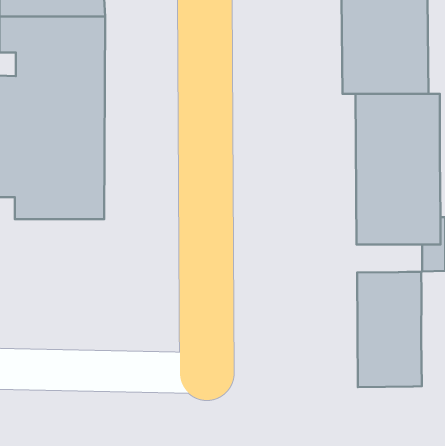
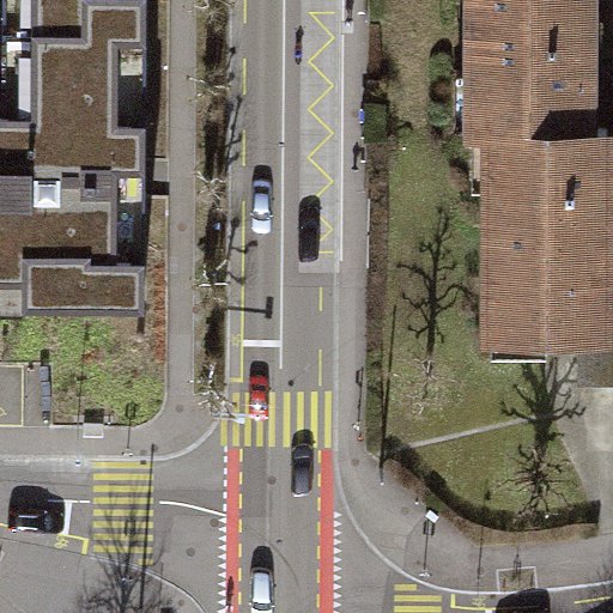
building: [357,272,422,387] -> none

